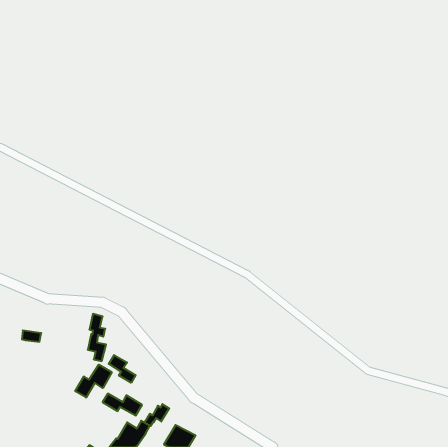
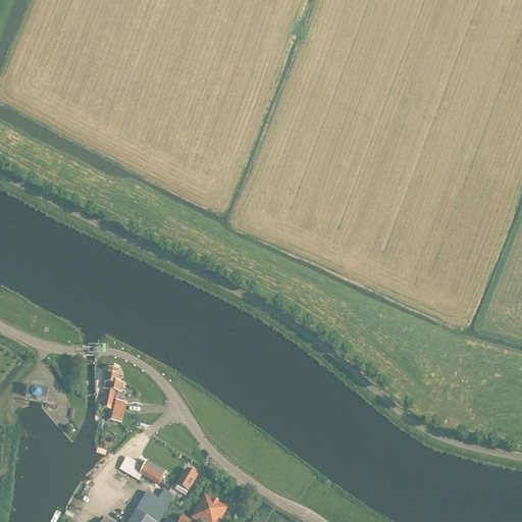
building: [109,355,136,383] -> none
building: [75,365,112,398] -> none

